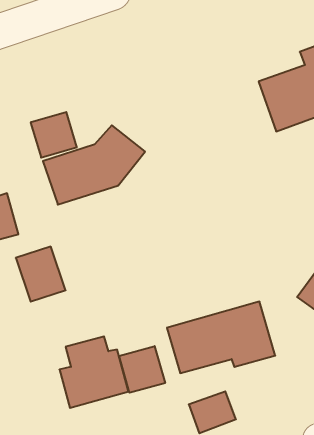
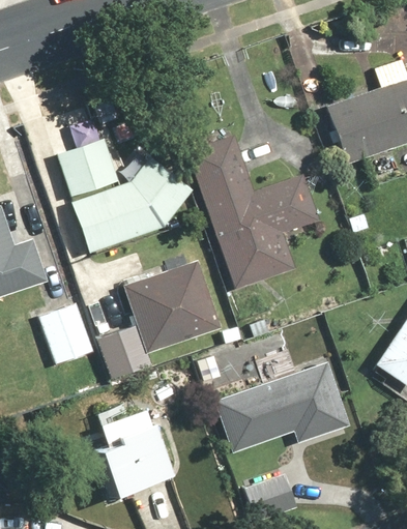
building: none -> [187,136,316,288]
building: none -> [99,260,220,374]
building: [119,346,165,393] -> none

